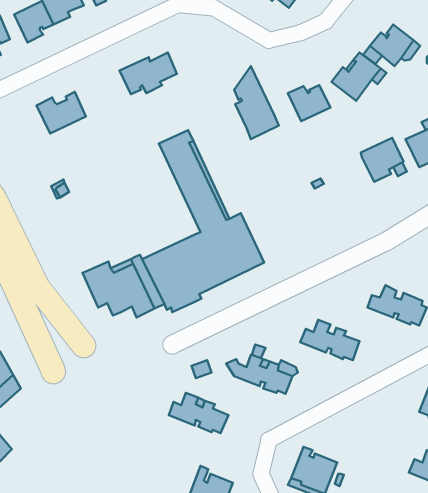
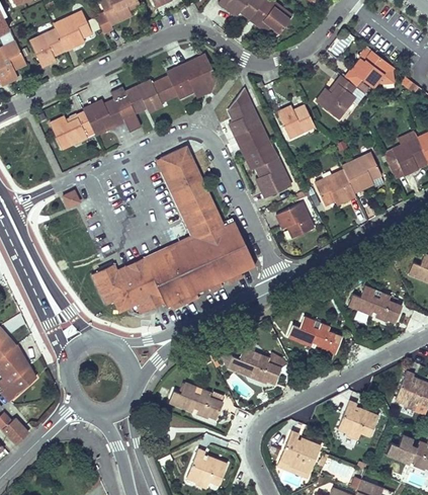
building: none -> [166,54,216,98]
building: none -> [83,99,123,136]
building: none -> [243,142,290,198]
building: none -> [143,158,197,262]
building: none -> [314,170,355,205]
building: none -> [275,202,313,238]
building: none -> [337,400,378,439]

